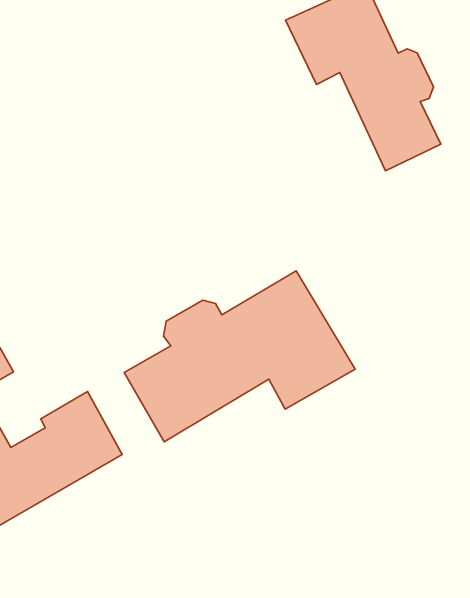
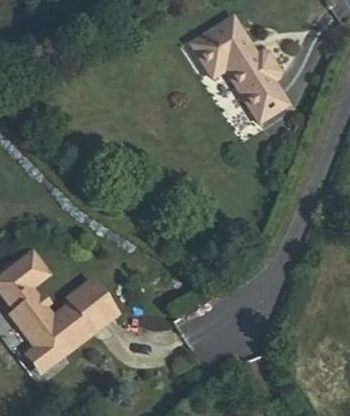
building: [124,271,355,442] -> none

